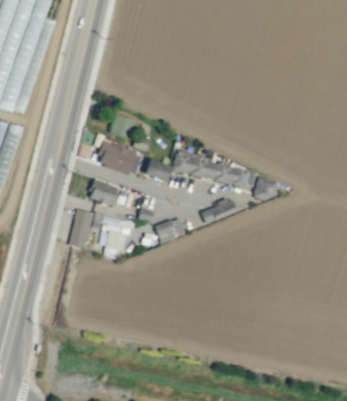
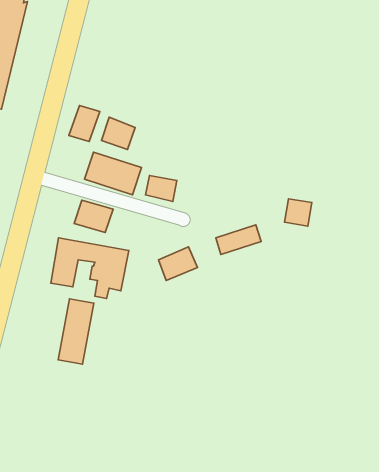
building: none -> [69,105,100,141]
building: [172,151,253,187] -> none
building: none -> [58,299,94,364]

